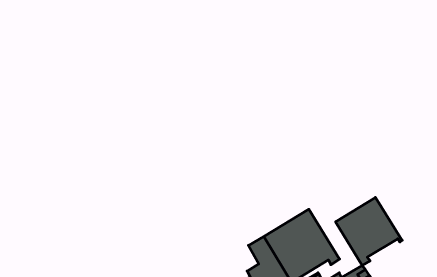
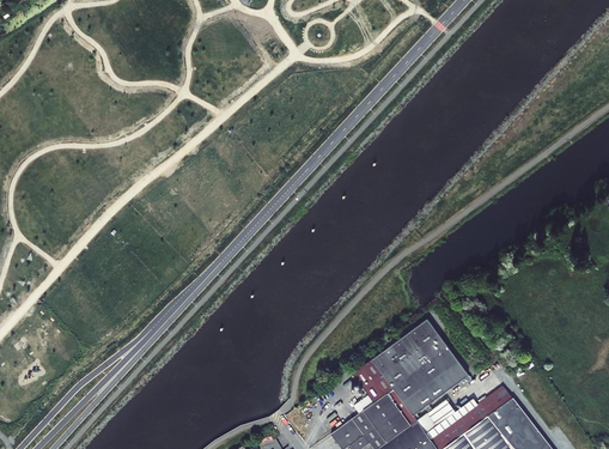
building: [336,197,402,266] -> none

